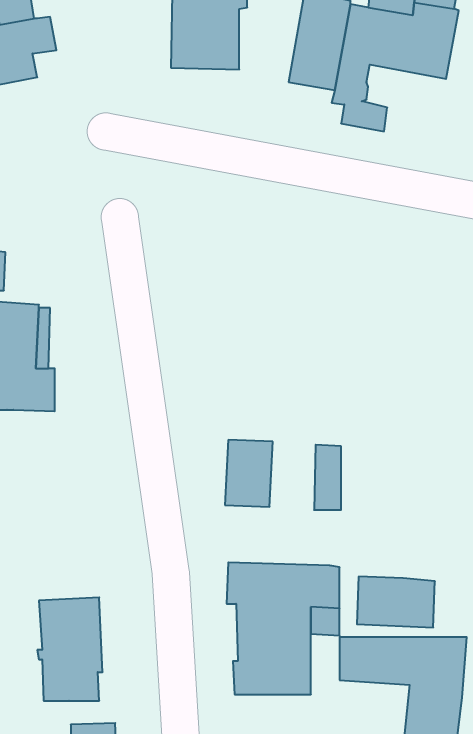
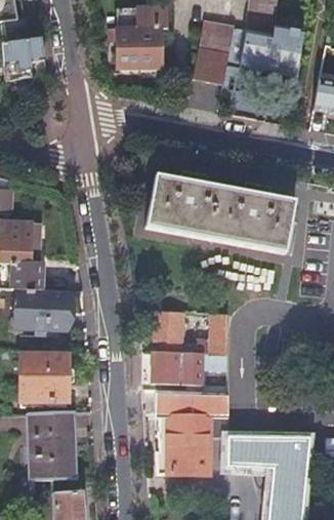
building: none -> [147,170,295,254]
building: none -> [16,290,74,330]
building: none -> [23,349,69,407]
building: [357,577,435,627] -> [153,352,203,385]

